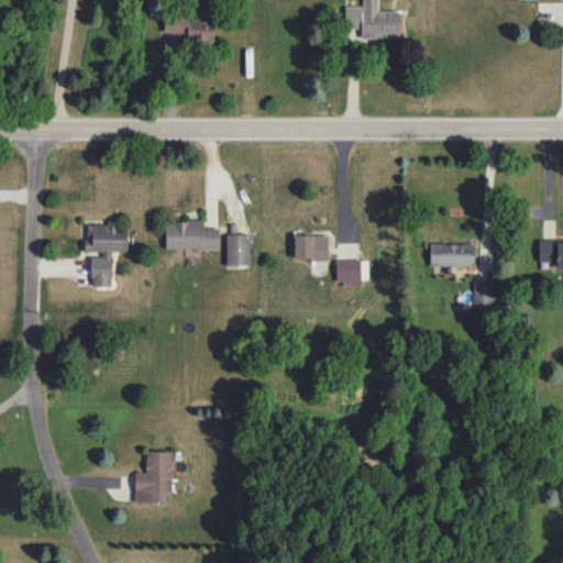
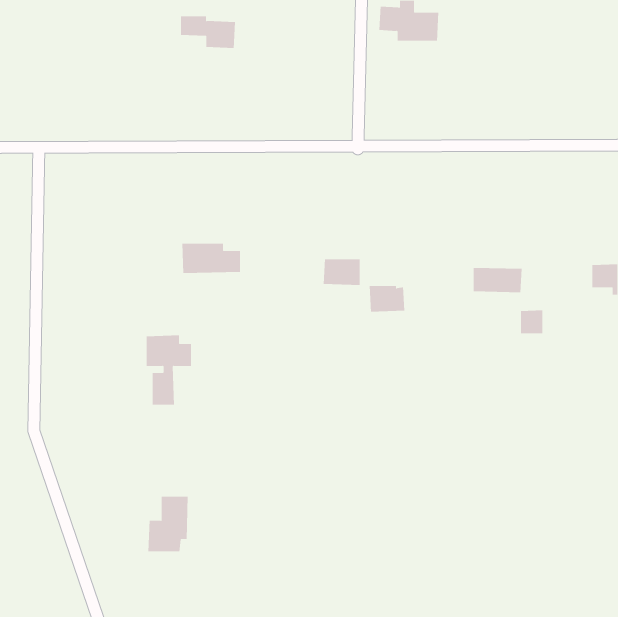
building: [86,223,128,287] -> [146,335,192,405]
building: [225,235,251,267] -> none

